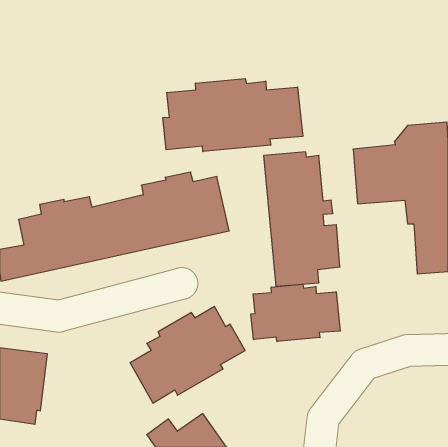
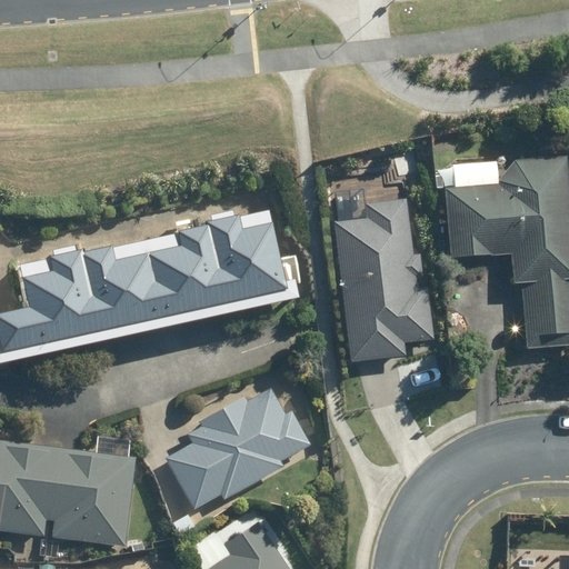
building: [163,79,303,152] -> none
building: [251,284,340,342] -> none
building: none -> [51,448,137,547]

